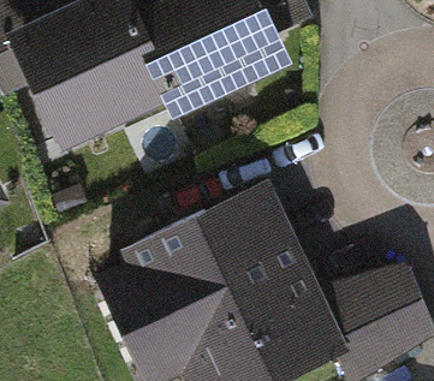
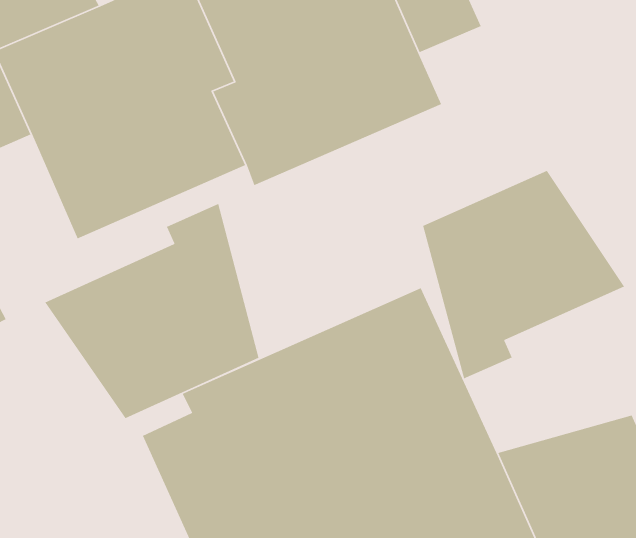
building: none -> [422,170,625,379]
building: none -> [44,203,260,419]

